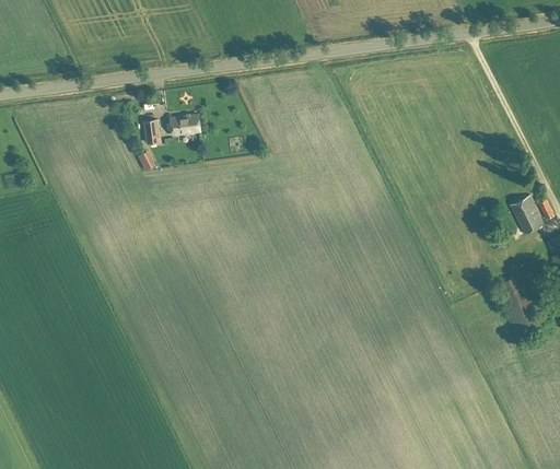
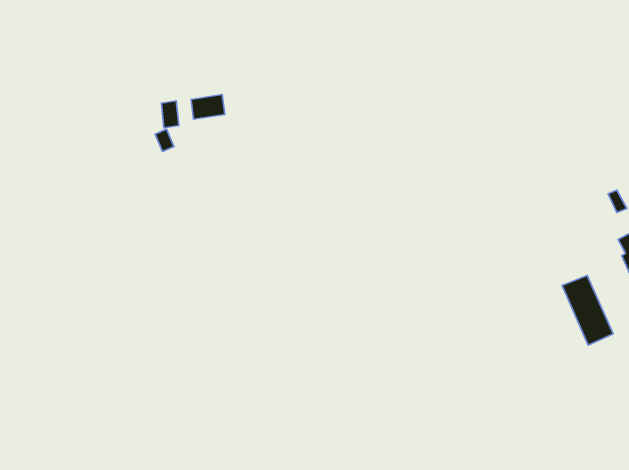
building: [510,195,545,234] -> none

